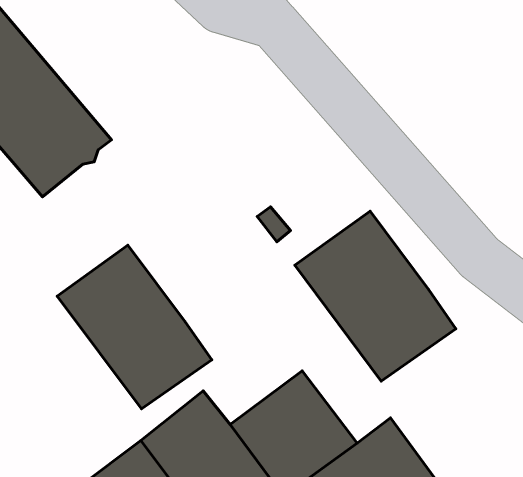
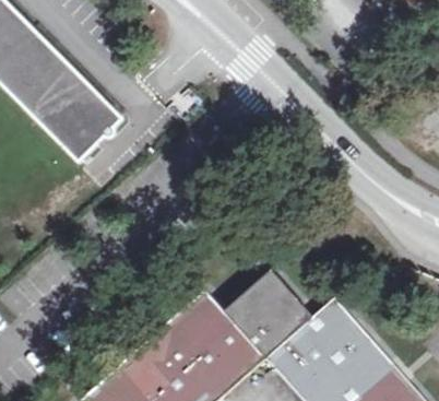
building: [295,211,456,381] -> none
building: [57,245,212,409] -> none

